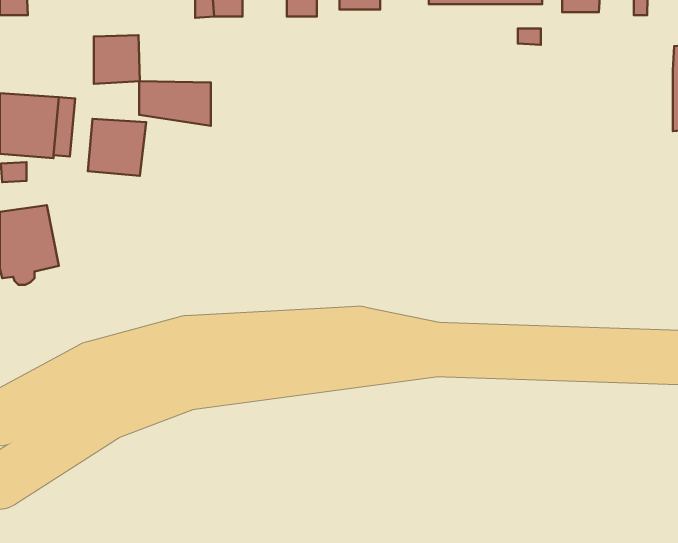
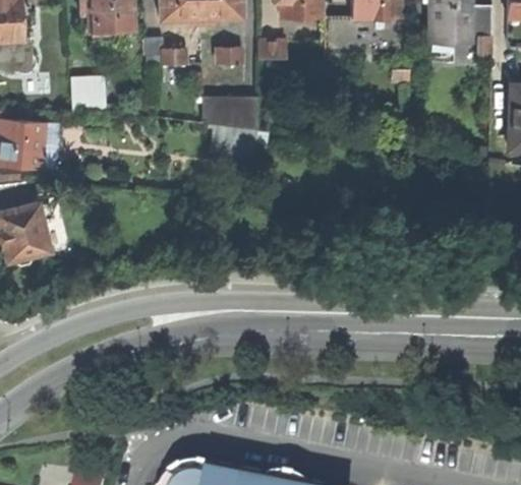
building: [139,81,211,126] -> [201,93,255,126]
building: [88,119,146,176] -> none

